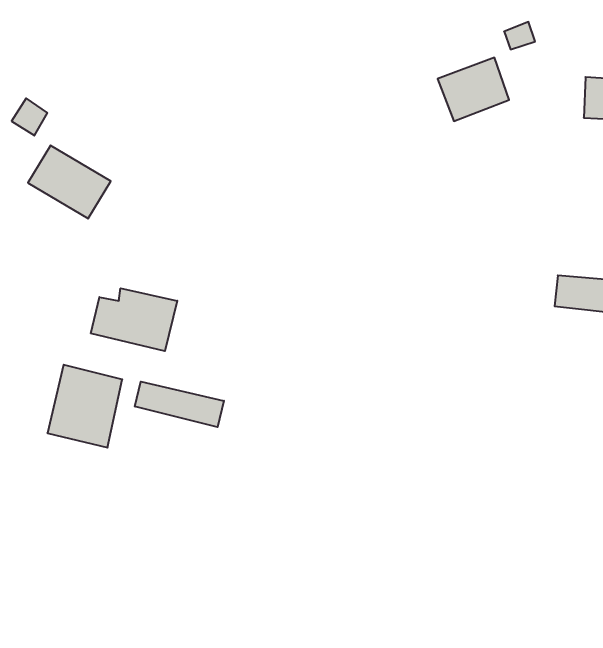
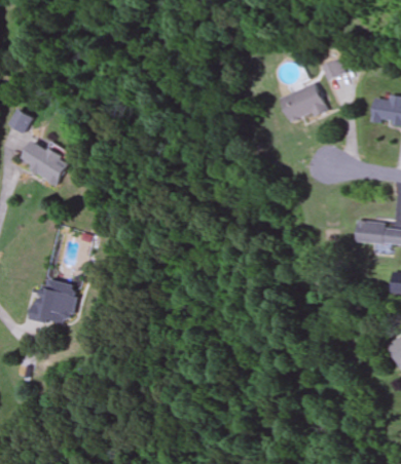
building: [91,288,177,351] -> none
building: [135,382,224,427] -> none

